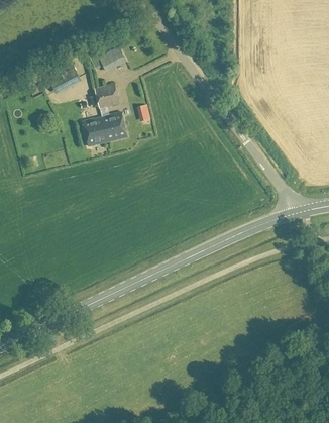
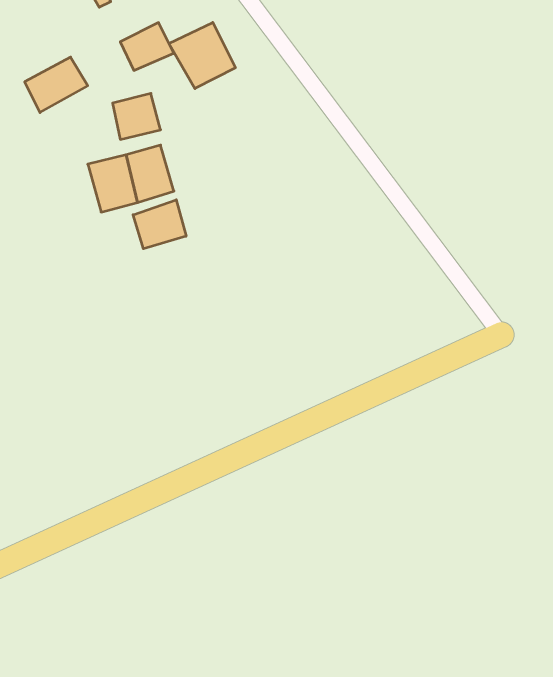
building: none -> [169,22,235,89]
building: none -> [133,200,186,249]

